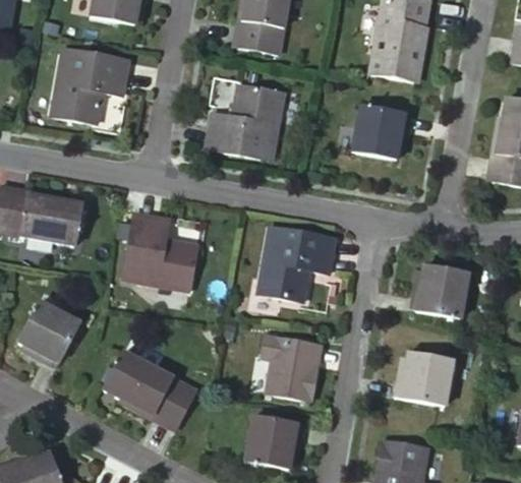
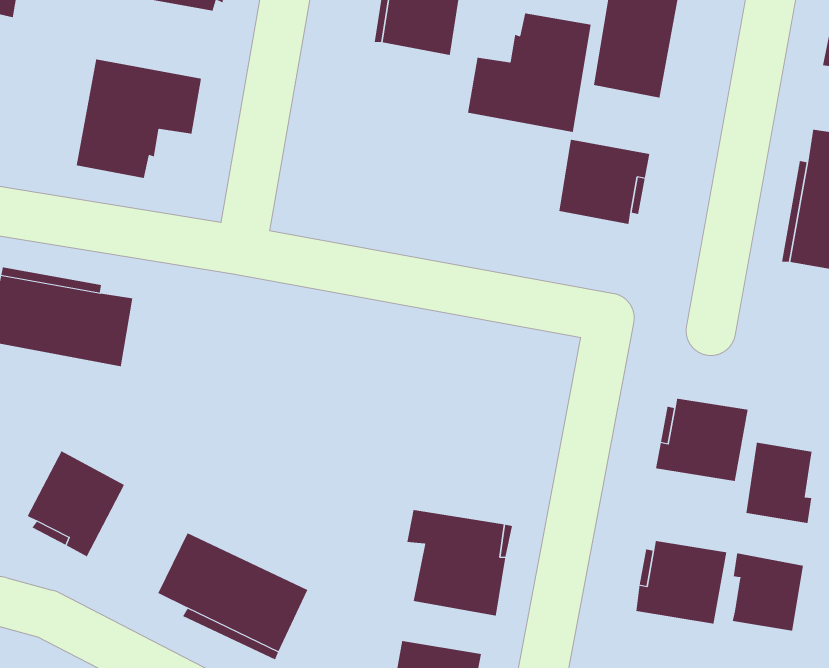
building: [205,84,282,159] -> [467,13,592,132]
building: [123,213,197,291] -> none
building: [257,227,336,301] -> none
building: none -> [746,442,812,524]
building: none -> [732,553,804,632]

